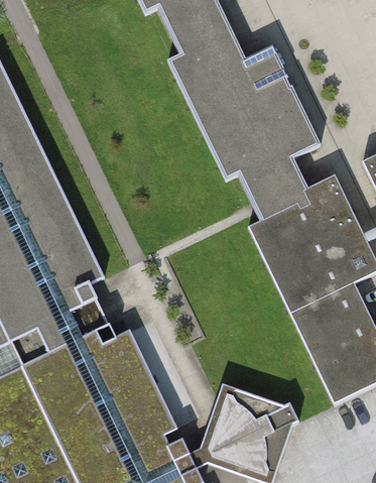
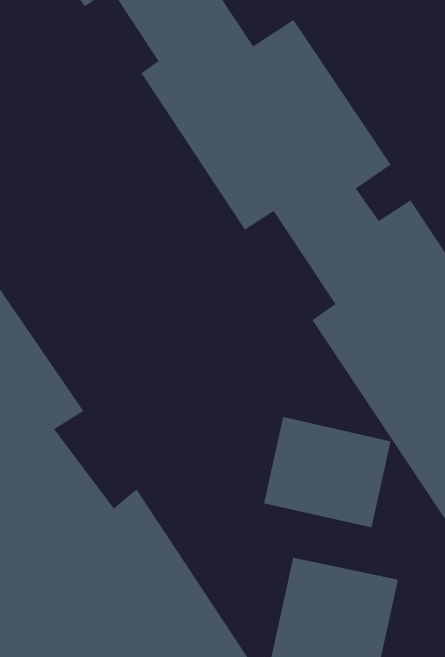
building: none -> [263,416,391,528]

